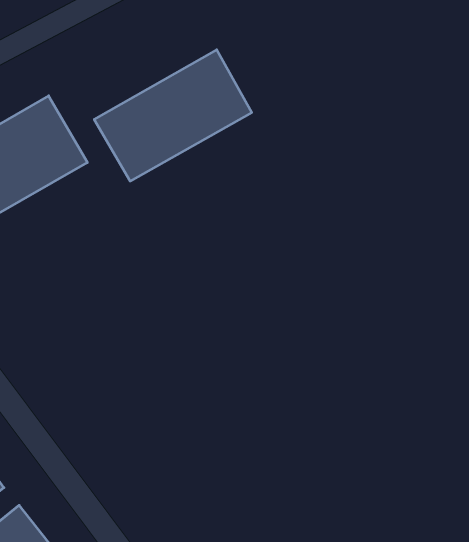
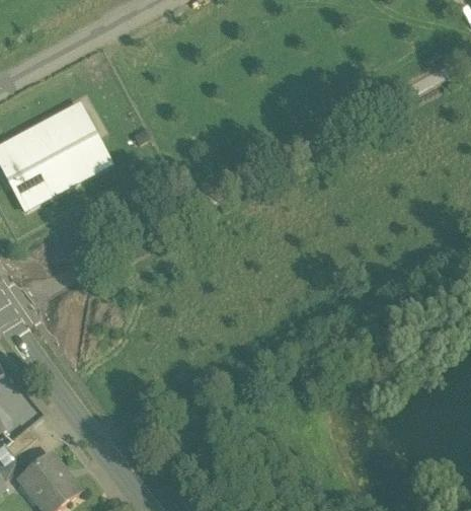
building: [94,50,252,181] -> none

